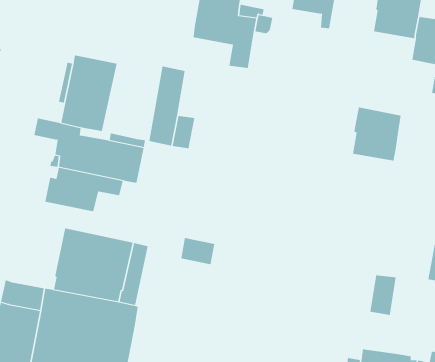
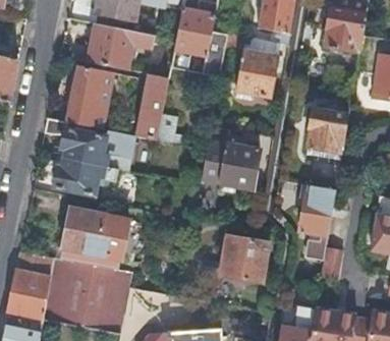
building: none -> [89,24,156,70]
building: none -> [233,43,275,95]
building: none -> [202,141,259,188]
building: none -> [298,185,335,236]
building: none -> [218,234,269,281]

